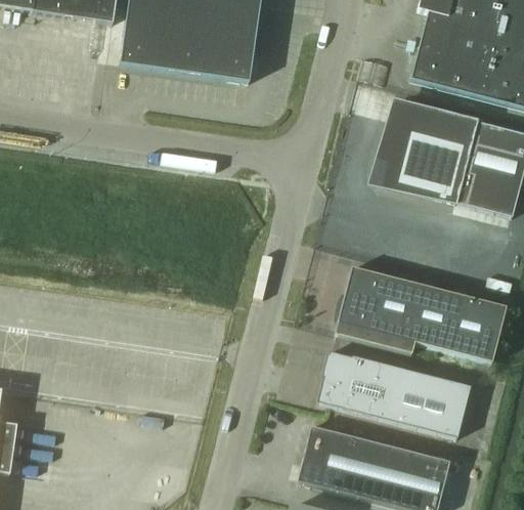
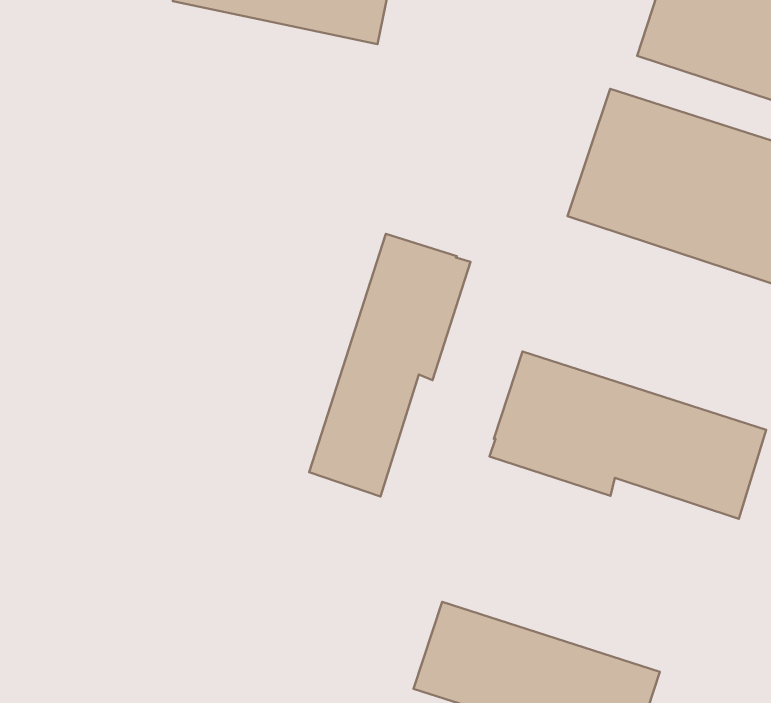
building: none -> [309,234,470,497]
building: [318,350,471,437] -> none

